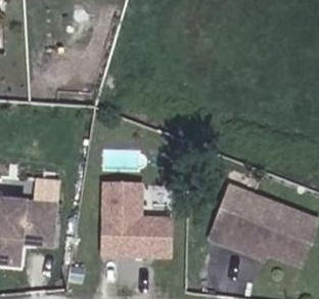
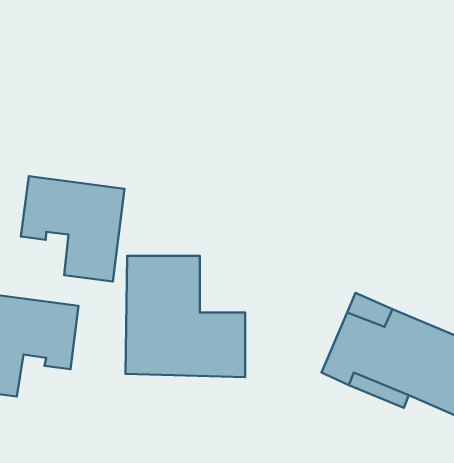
building: none -> [21,176,125,282]

